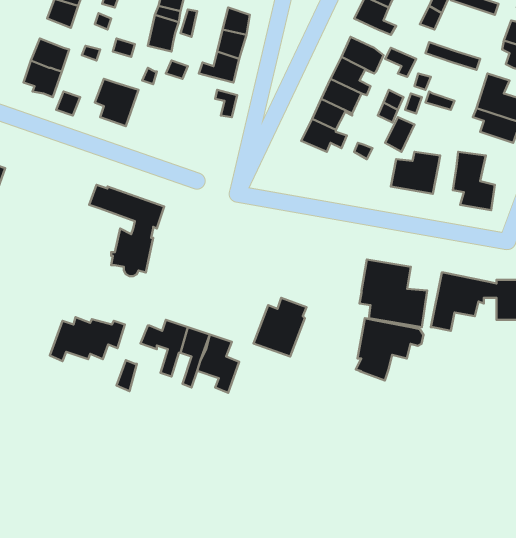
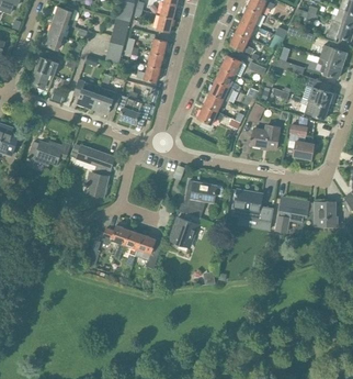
building: none -> [92,87,122,114]
building: none -> [121,97,151,124]
building: [50,317,125,361] -> [25,141,70,167]
building: [356,318,423,380] -> [183,180,224,218]

